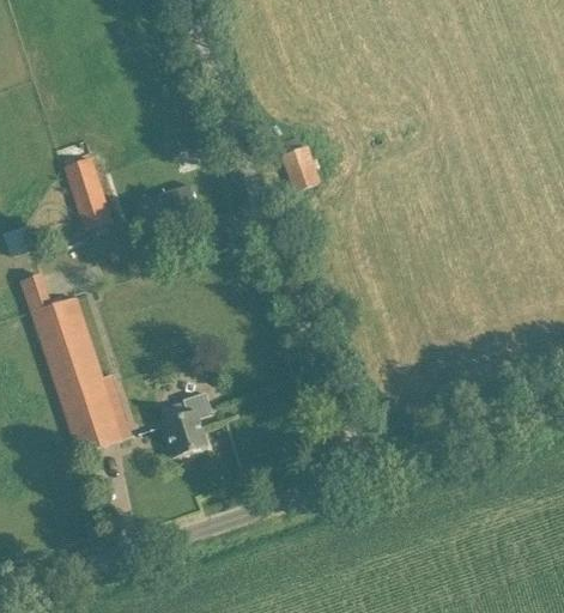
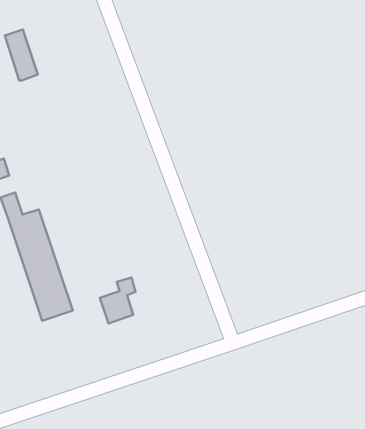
building: [283,145,319,188] -> none
building: [65,157,111,229] -> [5,29,38,80]

